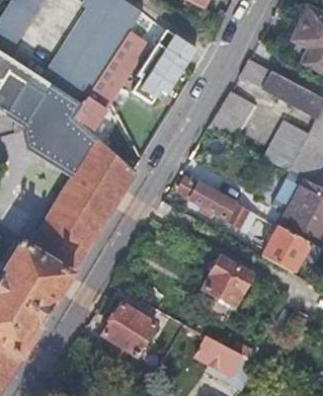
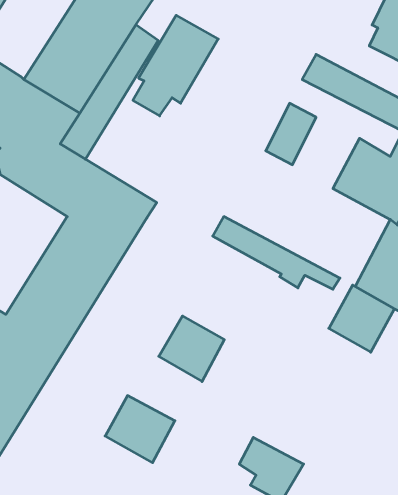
building: [205,258,252,306] -> [159,316,224,382]

